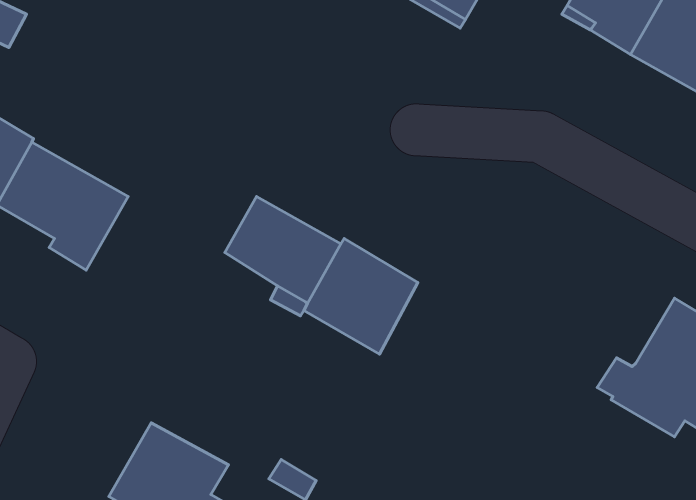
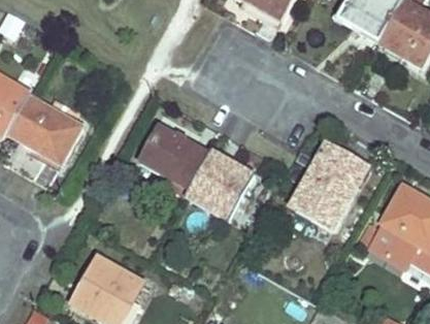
building: none -> [292,143,365,226]

